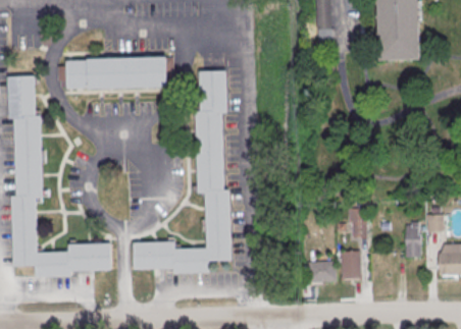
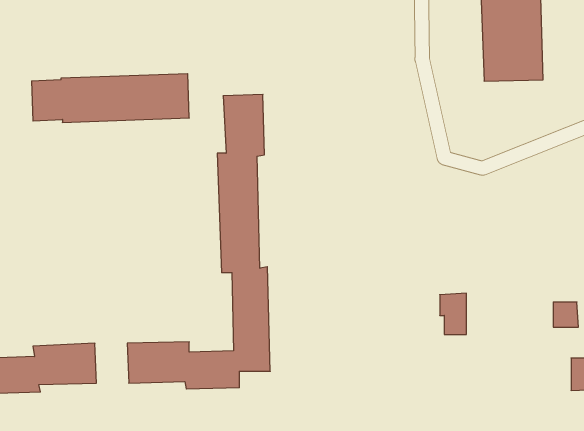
building: [406,221,421,257] -> none
building: [341,251,361,280] -> none
building: [309,261,337,282] -> none

